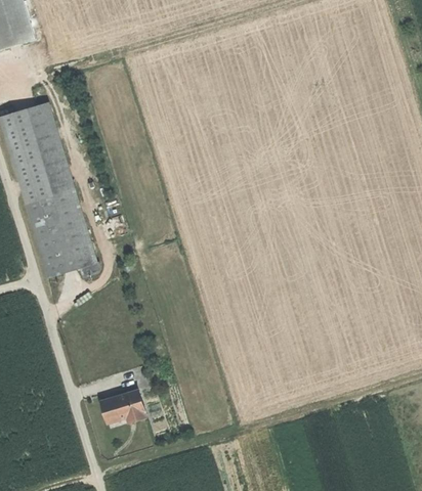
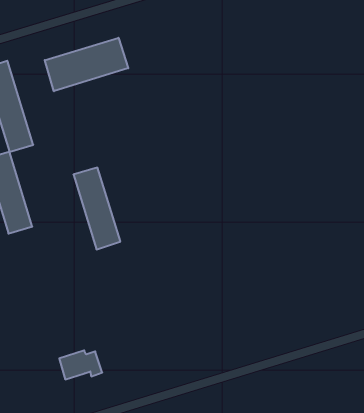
building: none -> [45,38,128,91]
building: [47,184,95,268] -> [73,168,120,249]

